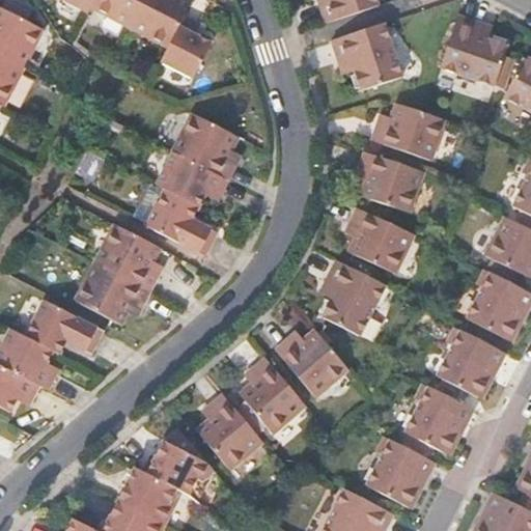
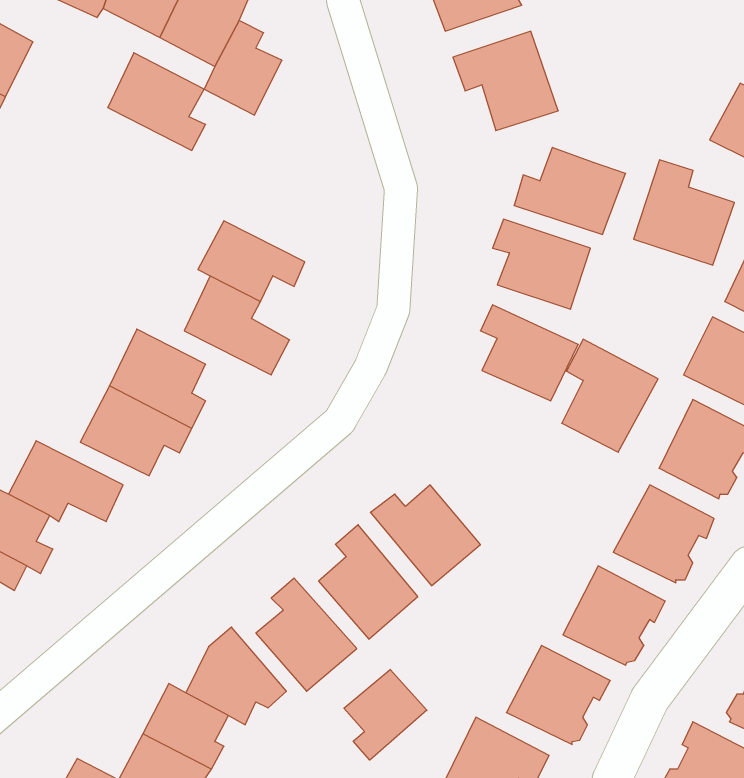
building: [440,11,508,83] -> [634,160,734,265]
building: [171,112,237,178] -> [108,53,206,150]
building: [320,258,386,335] -> [562,339,658,452]
building: none -> [344,669,427,760]

